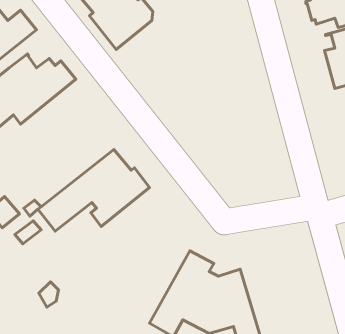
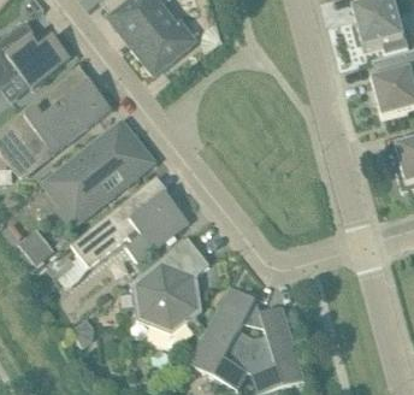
building: none -> [43,126,155,216]
building: none -> [132,236,211,332]

